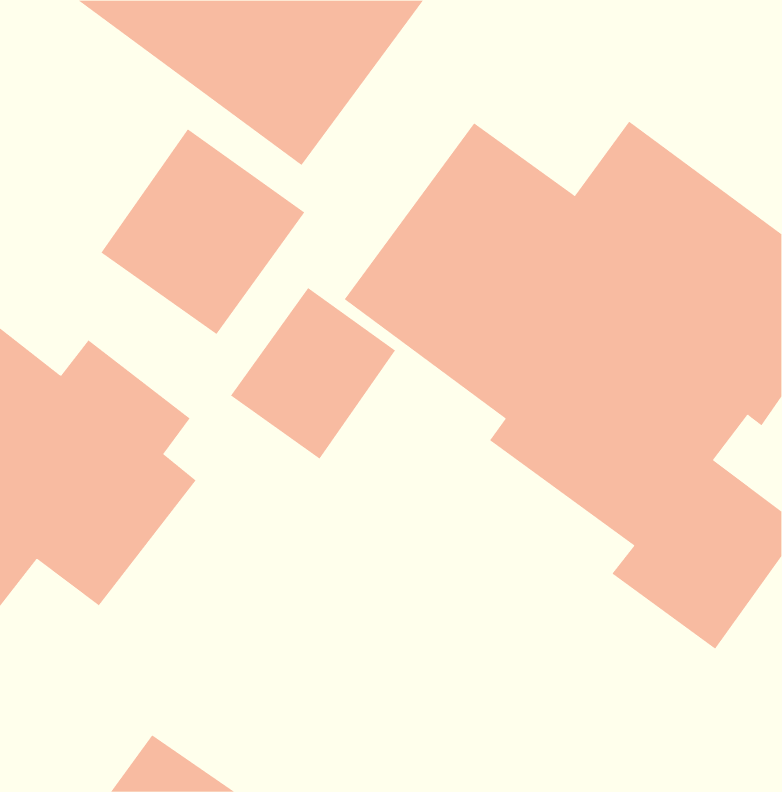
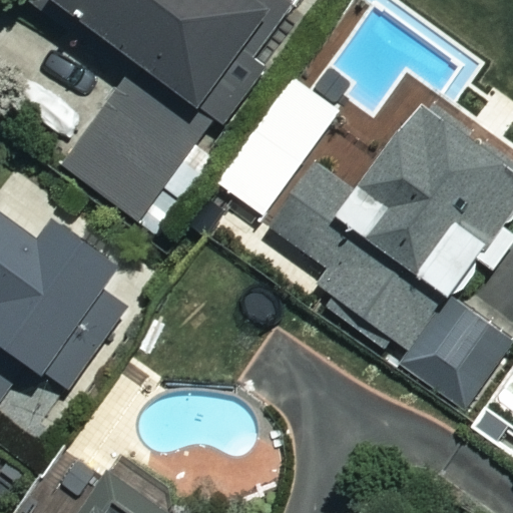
building: [230,287,396,459] -> none

